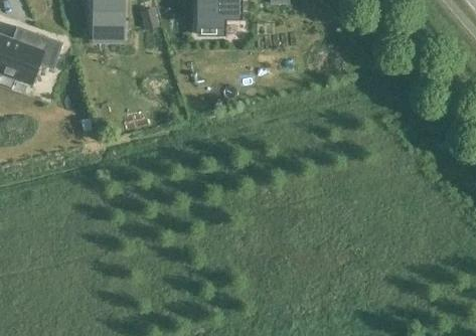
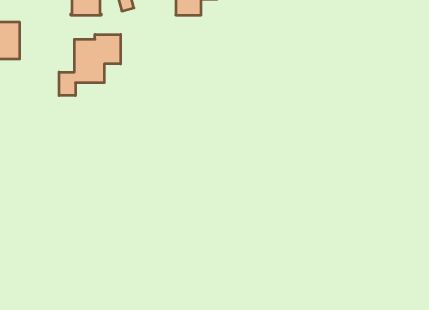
building: none -> [59,34,121,96]

